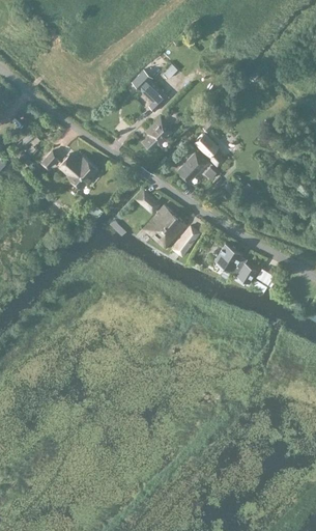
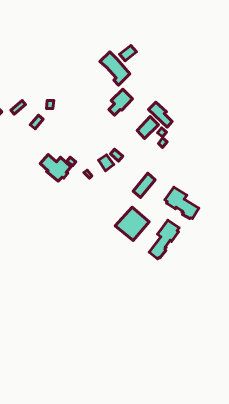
building: [58,152,97,187] -> [40,155,71,181]
building: [142,204,185,247] -> [115,207,149,240]
building: none -> [149,220,179,259]

